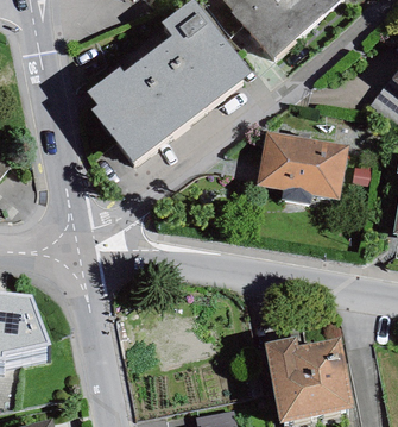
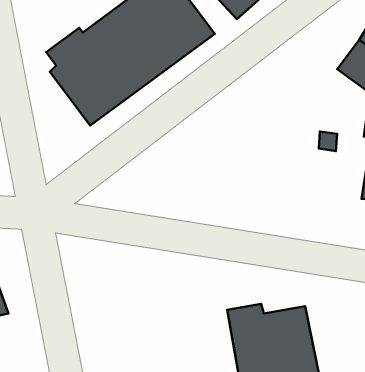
building: [257,132,349,205] -> none

